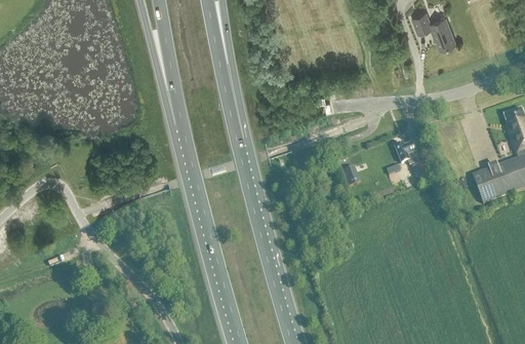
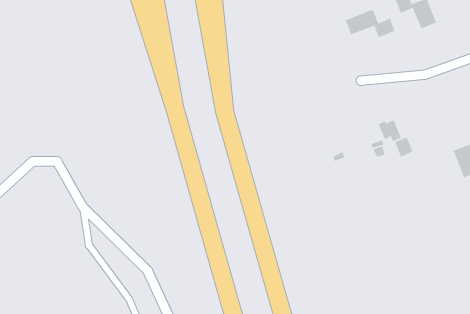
building: none -> [345,9,395,38]

